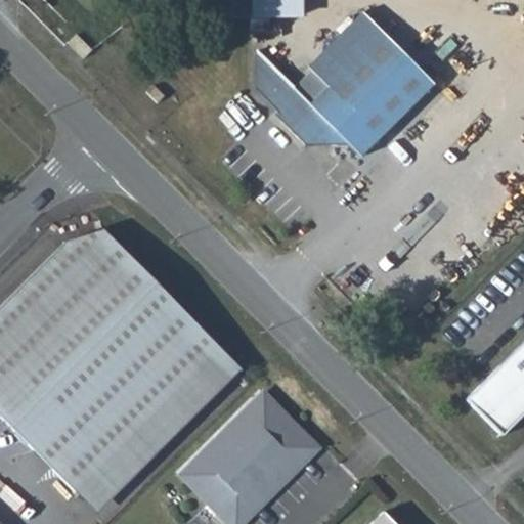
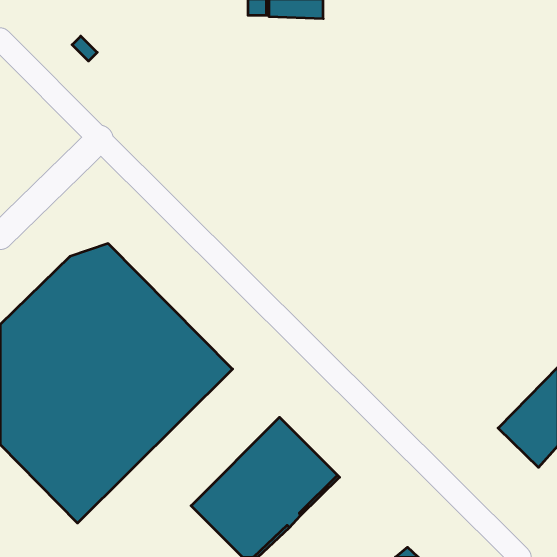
building: [258,11,434,157] -> none
building: [74,346,241,512] -> none

